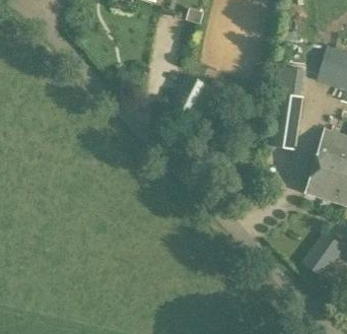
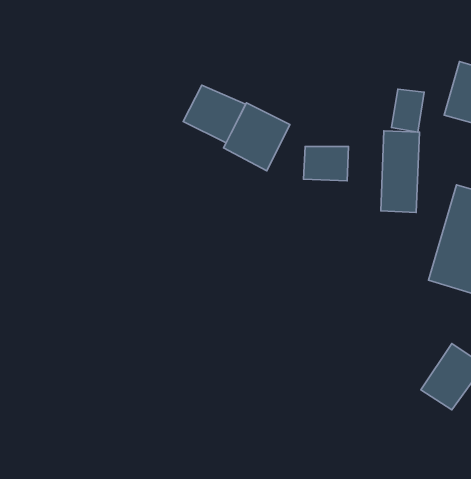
building: none -> [183,85,245,143]
building: none -> [304,146,349,181]

